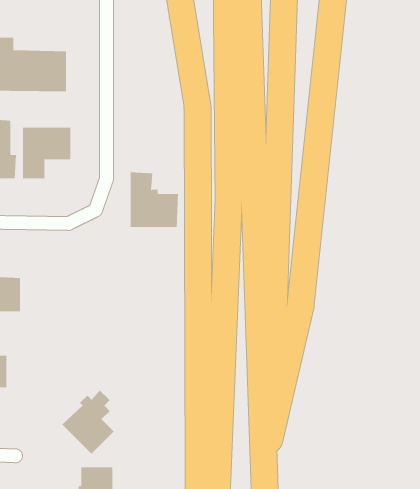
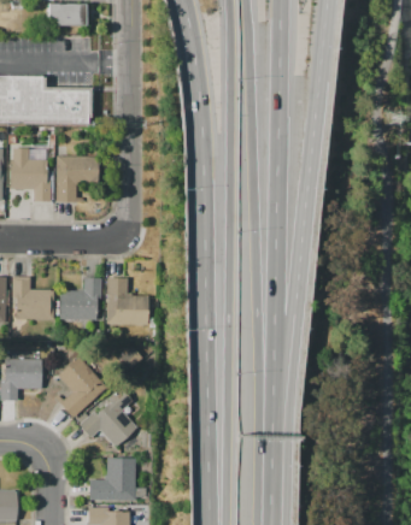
building: [130,172,179,227] -> [106,277,149,326]
building: none -> [59,278,100,320]
building: none -> [54,358,105,417]

